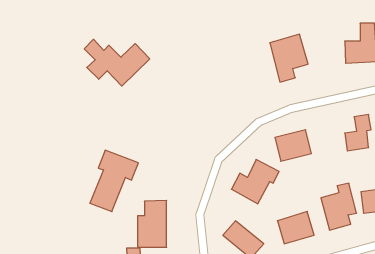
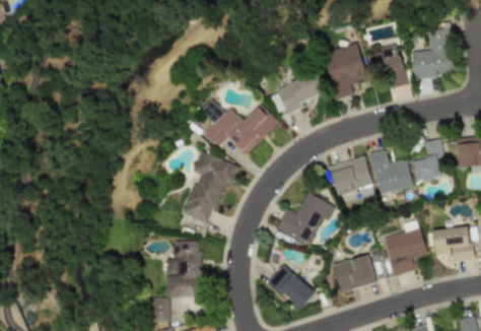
building: none -> [374,40,407,89]
building: [84,39,150,86] -> [201,100,279,155]
building: none -> [277,71,325,114]
building: none -> [371,150,413,193]
building: [90,150,138,212] -> [183,150,240,223]

